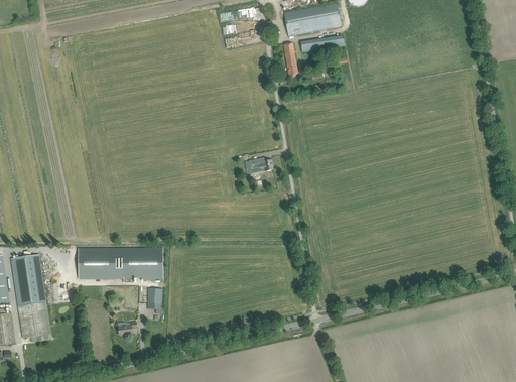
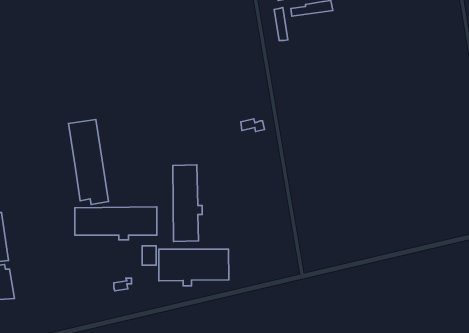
building: none -> [173,165,202,241]
building: [10,254,51,342] -> [69,120,109,205]
building: none -> [159,249,229,286]

